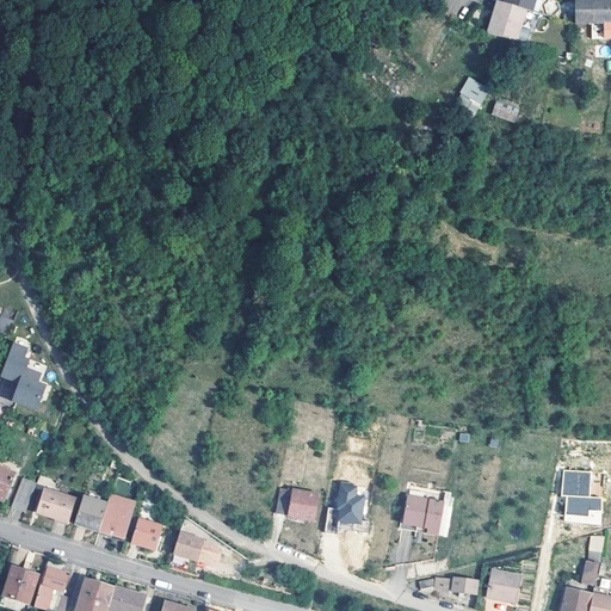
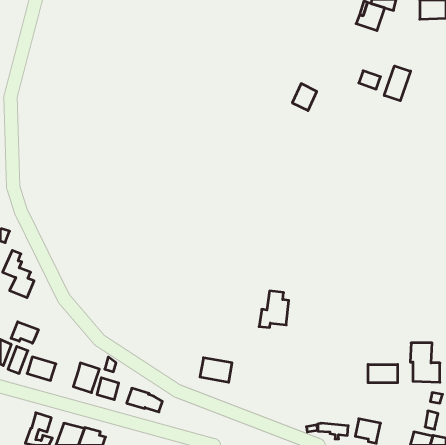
building: [456,75,489,112] -> [292,84,317,111]
building: none -> [384,66,411,101]
building: none -> [11,322,38,343]
building: [325,481,365,531] -> [259,291,289,327]
building: [402,494,444,539] -> none
building: [75,498,107,532] -> none
building: none -> [368,364,398,383]
building: [5,566,39,604] -> none

